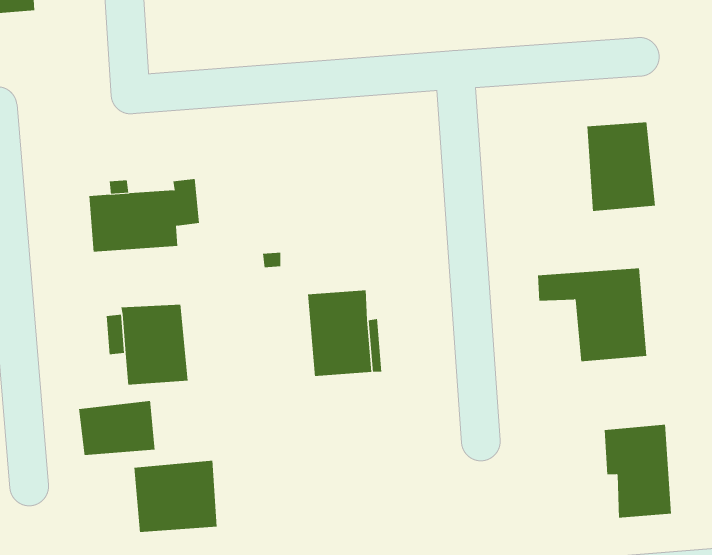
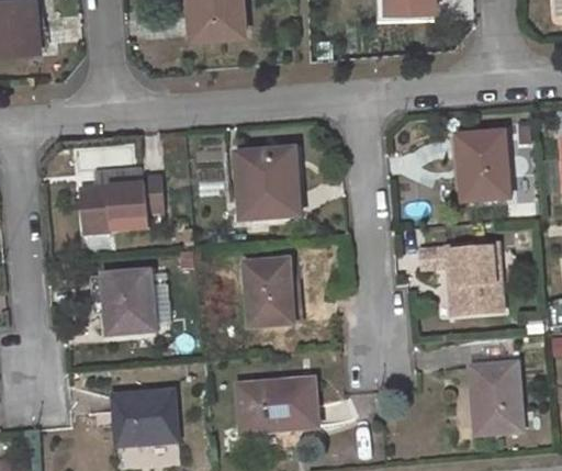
building: none -> [236,149,297,220]
building: [79,400,155,456] -> none
building: none -> [237,378,317,433]

